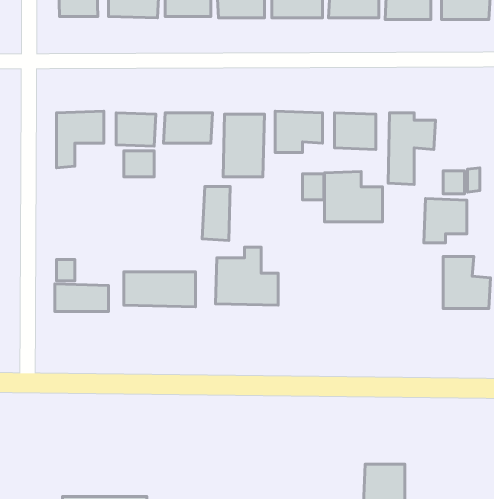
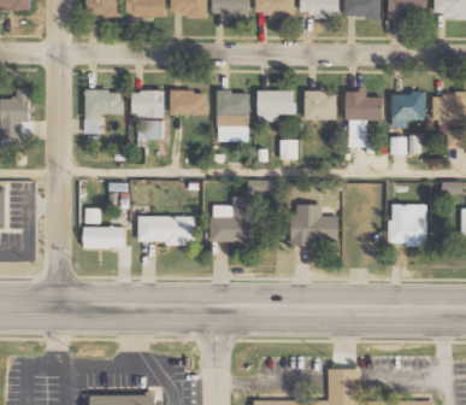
building: [324,171,383,222] -> [291,205,337,245]
building: [202,186,230,240] -> none
building: [424,199,467,243] -> [390,93,424,128]

